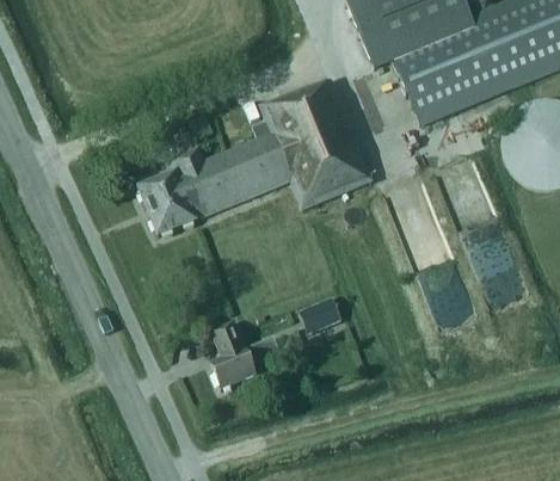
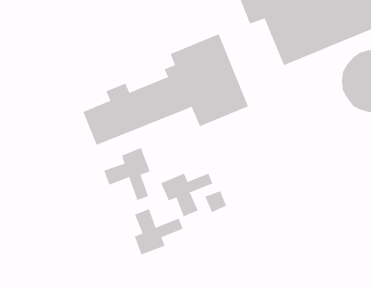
building: none -> [104,147,151,201]
building: none -> [160,173,213,217]

